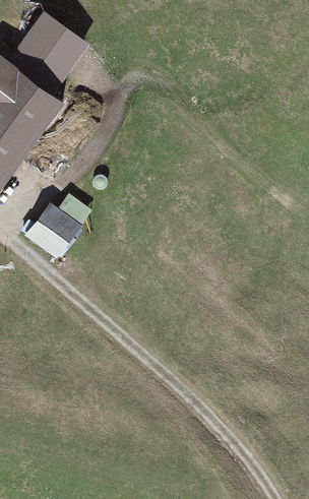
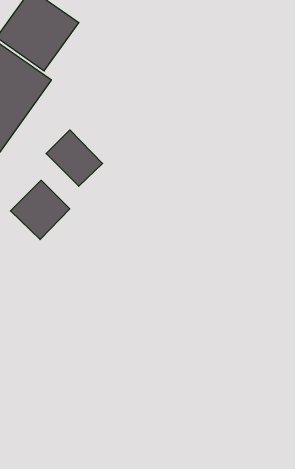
building: none -> [46,130,103,186]

